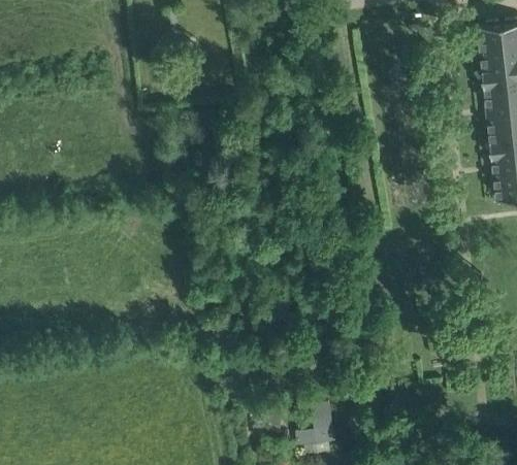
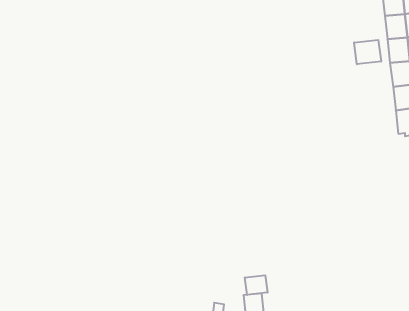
building: none -> [354,40,381,64]
building: none -> [245,275,268,295]

